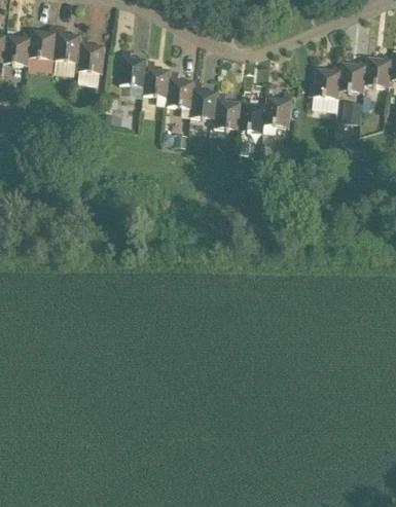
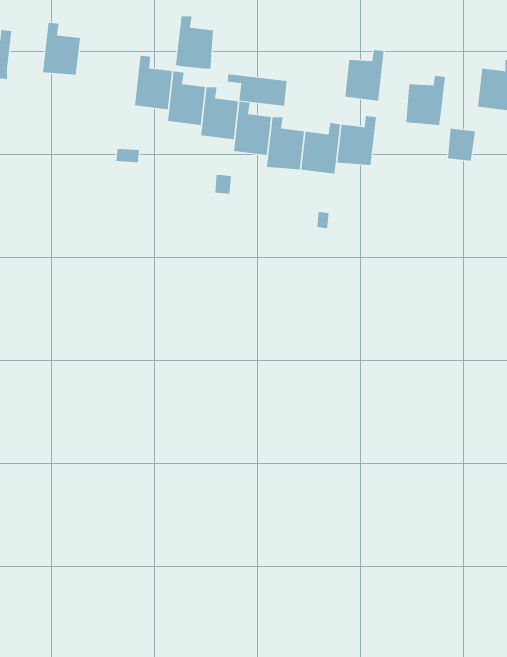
building: [28,23,57,60] -> none
building: [76,35,104,73] -> [175,16,214,69]
building: [338,56,367,93] -> [344,49,385,101]
building: none -> [227,74,287,106]

